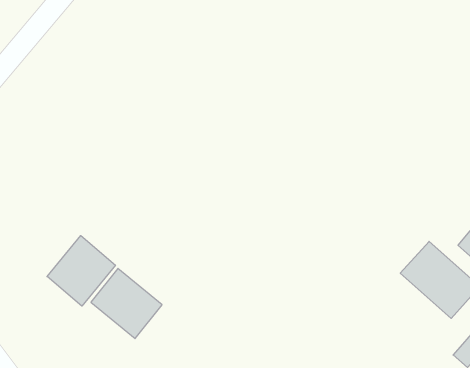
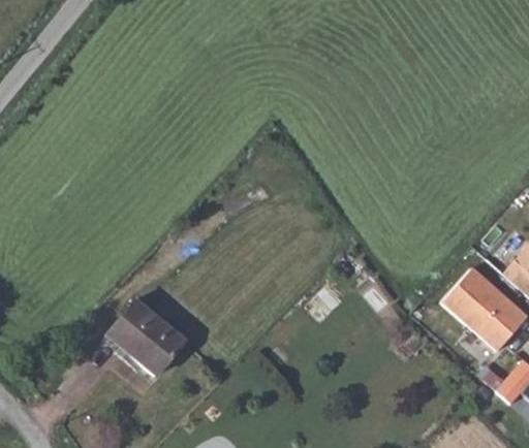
building: [47,236,115,306] -> none

